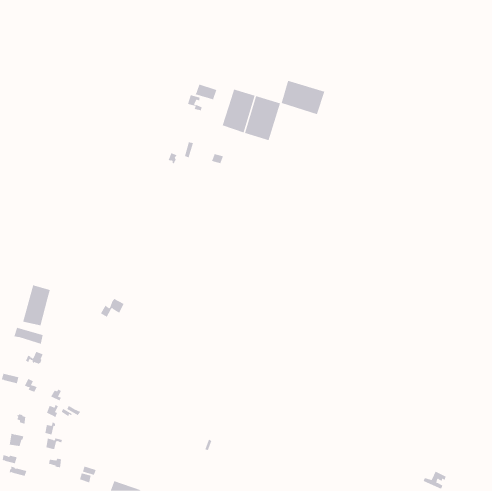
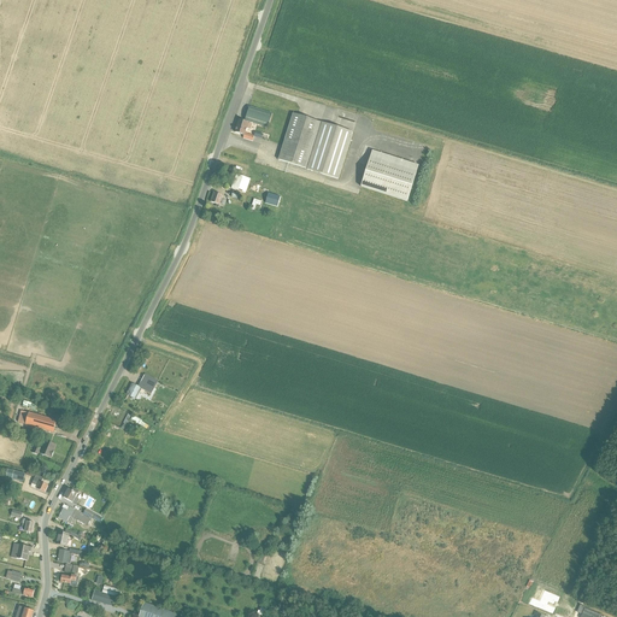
building: [281,80,325,115] -> [360,155,416,199]
building: [22,285,51,326] -> none

